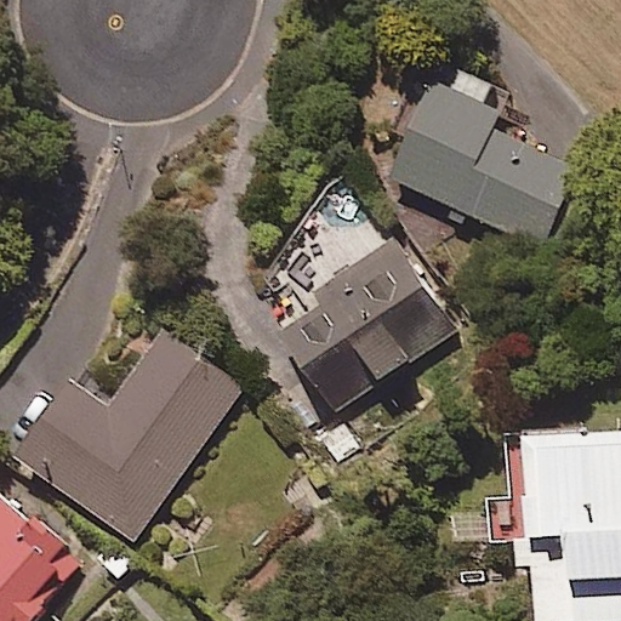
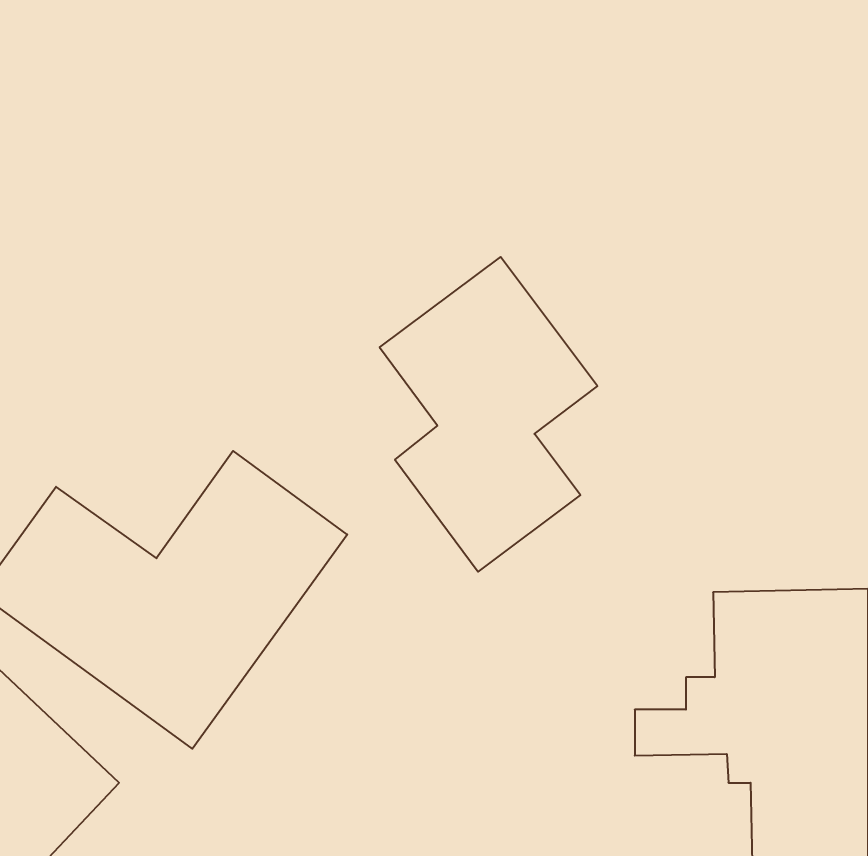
building: [387,61,581,253] -> none

